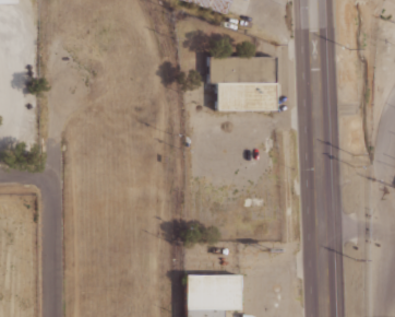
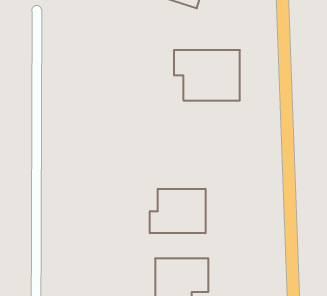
building: none -> [150,189,205,233]

